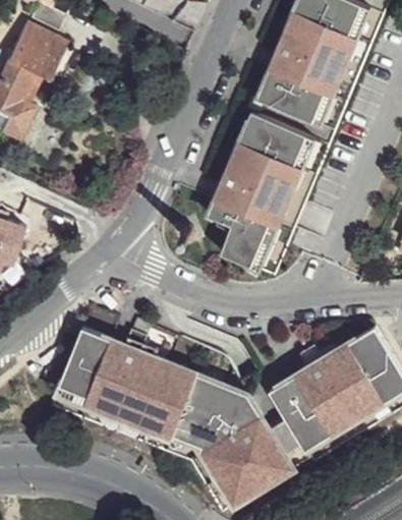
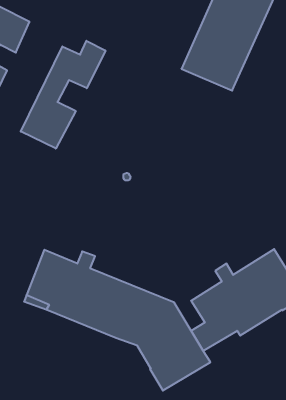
building: none -> [21,41,105,149]
building: [208,114,315,272] -> none

